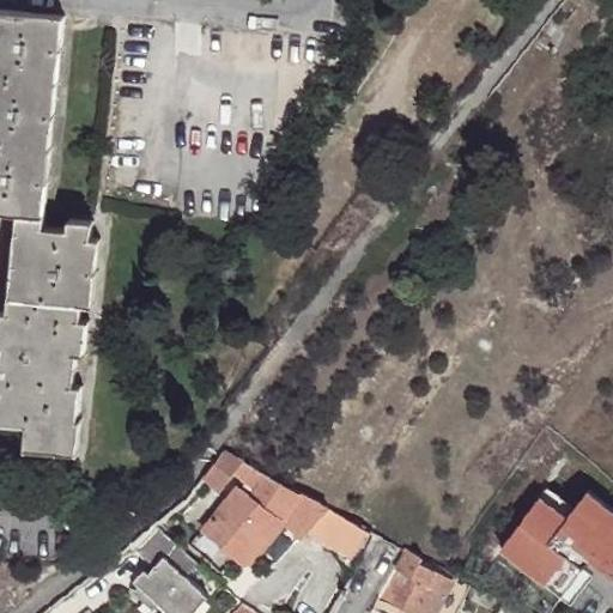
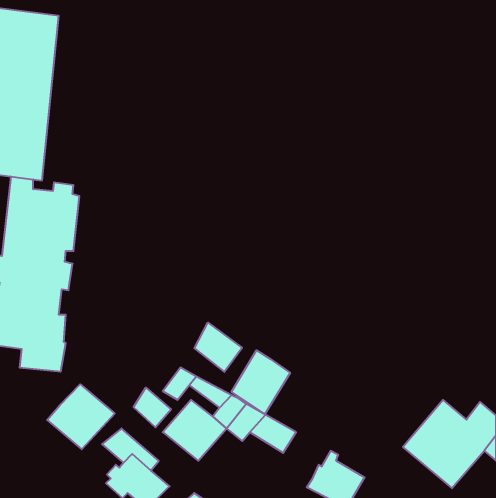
building: none -> [194,323,242,372]
building: none -> [231,350,290,414]
building: none -> [47,384,115,449]
building: none -> [134,388,171,427]

